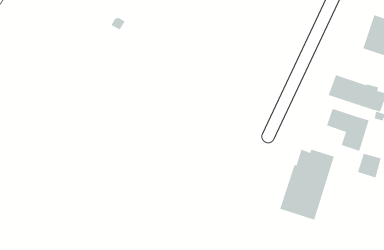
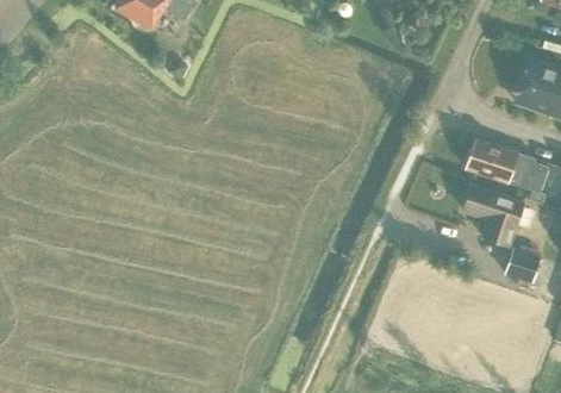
building: [280,149,334,220] -> none

